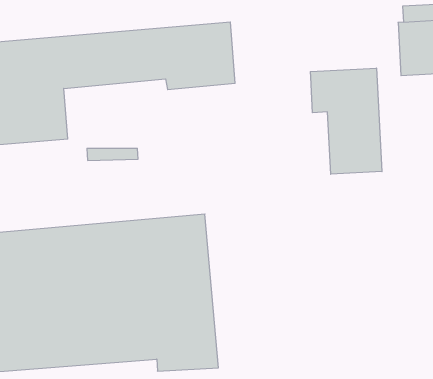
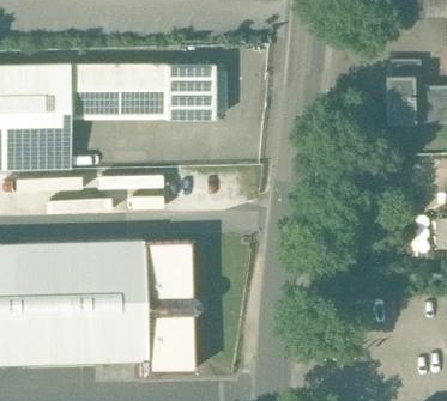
building: [310,68,382,174] -> none

